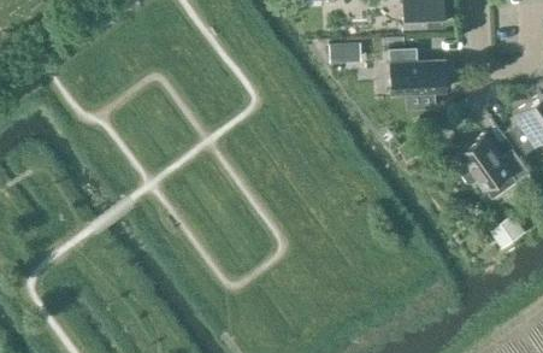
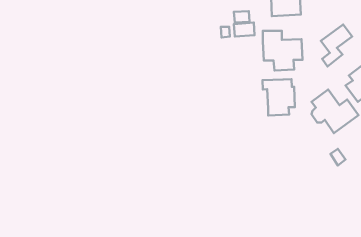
building: none -> [321,24,352,66]
building: none -> [262,79,295,115]

